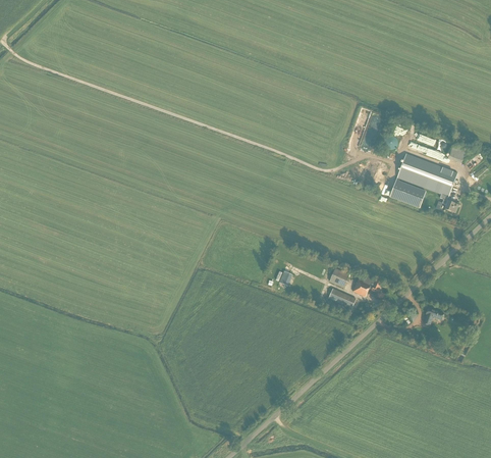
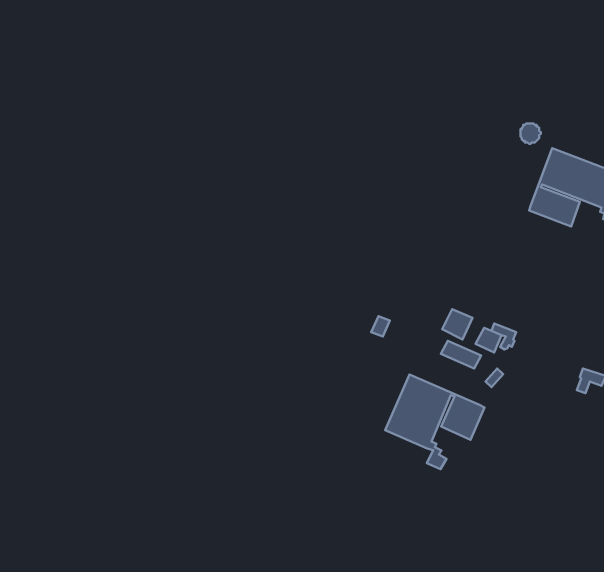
building: none -> [385,374,484,469]

